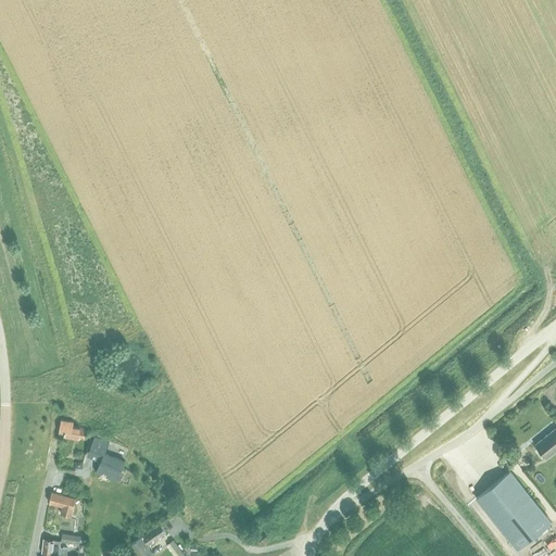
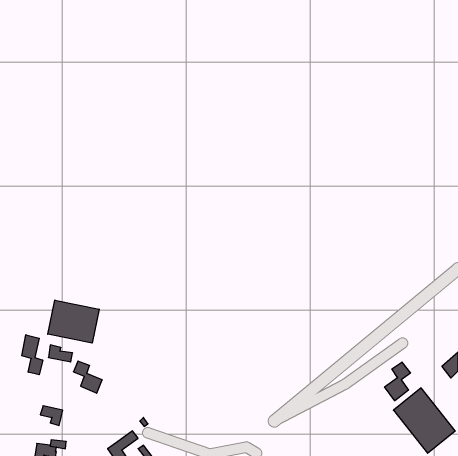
building: none -> [48,300,99,343]
building: none -> [22,335,43,375]
building: none -> [385,362,410,401]

